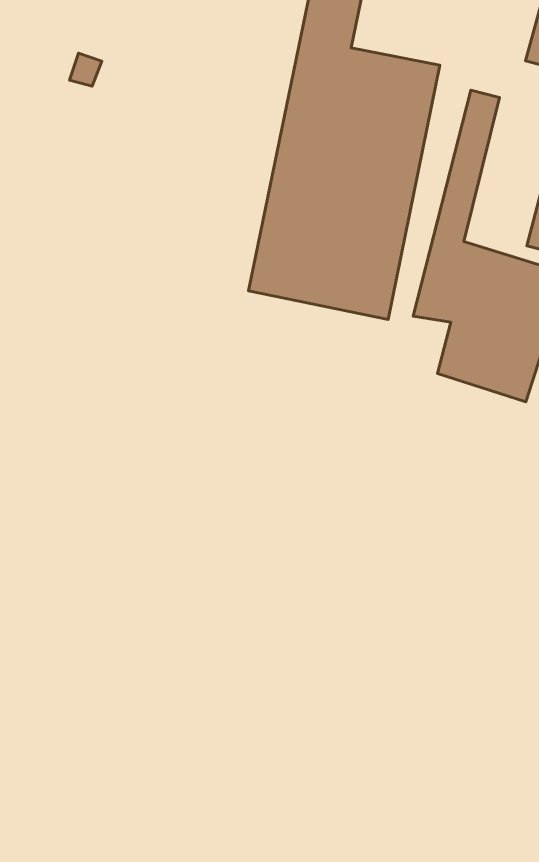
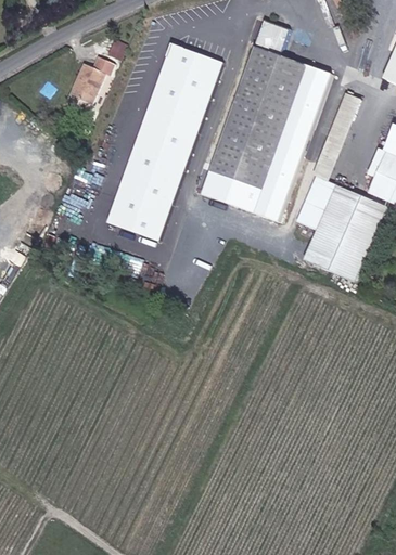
building: none -> [110,44,219,241]
building: none -> [73,65,114,111]

